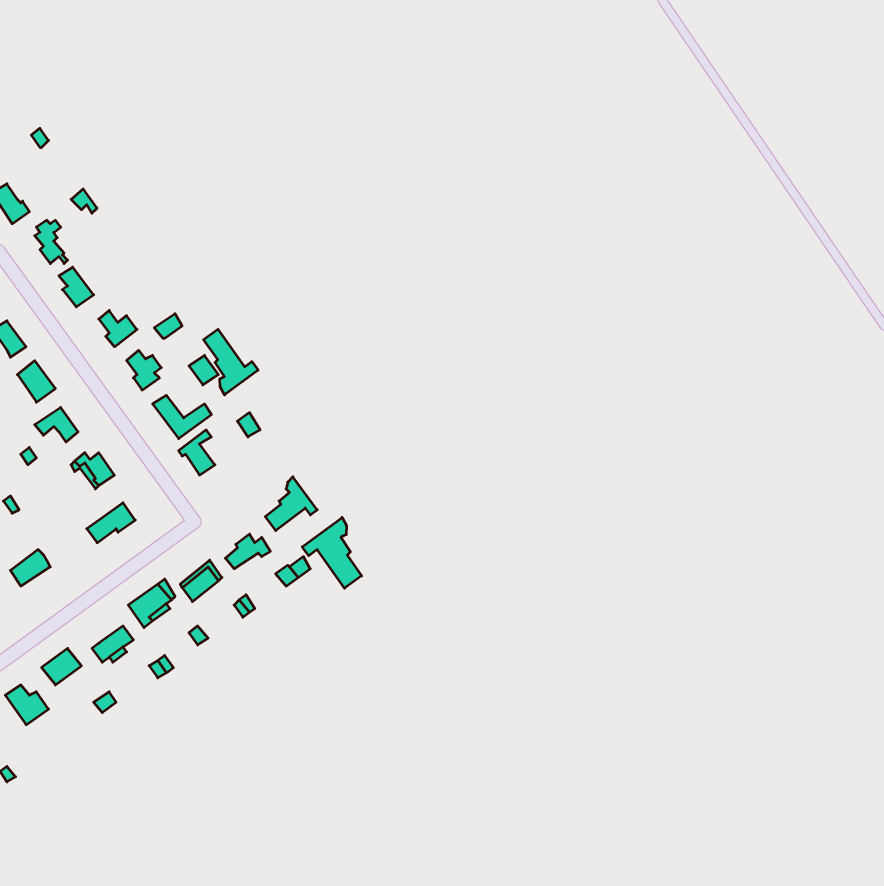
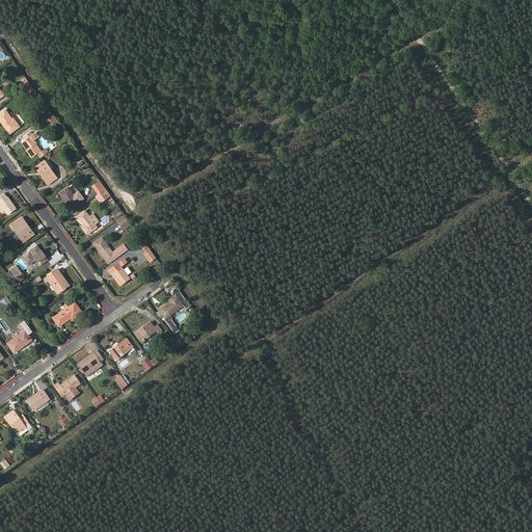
building: [204,329,258,395] -> none
building: [302,517,362,588] -> none

